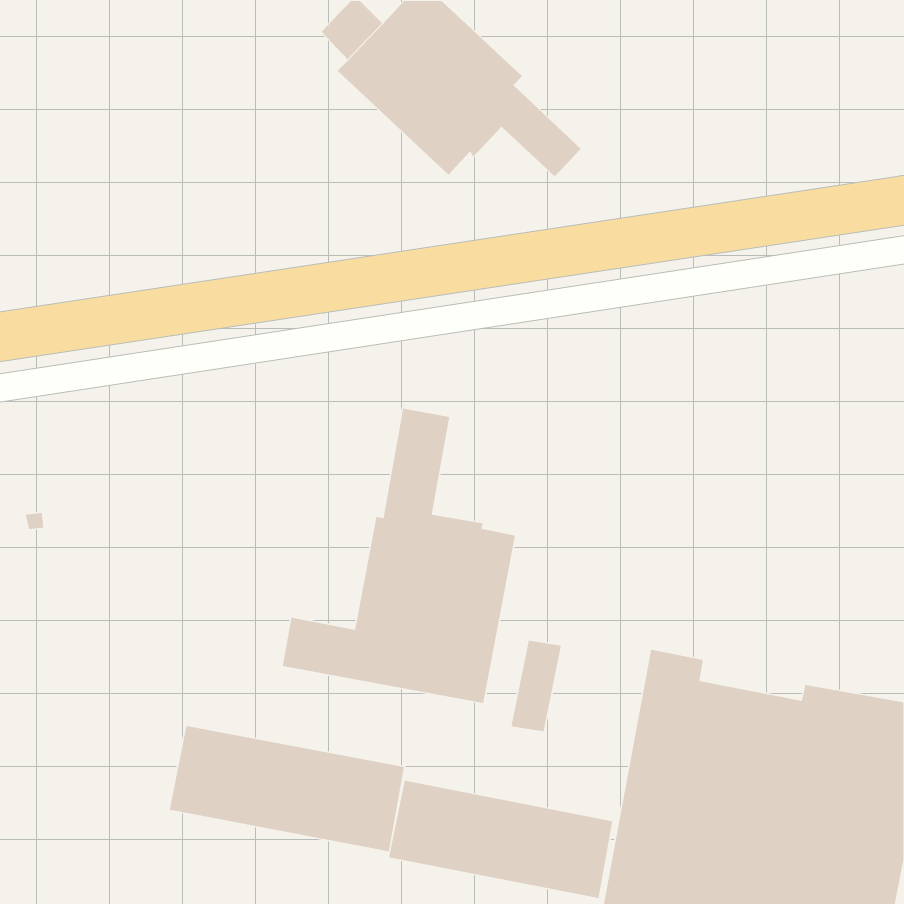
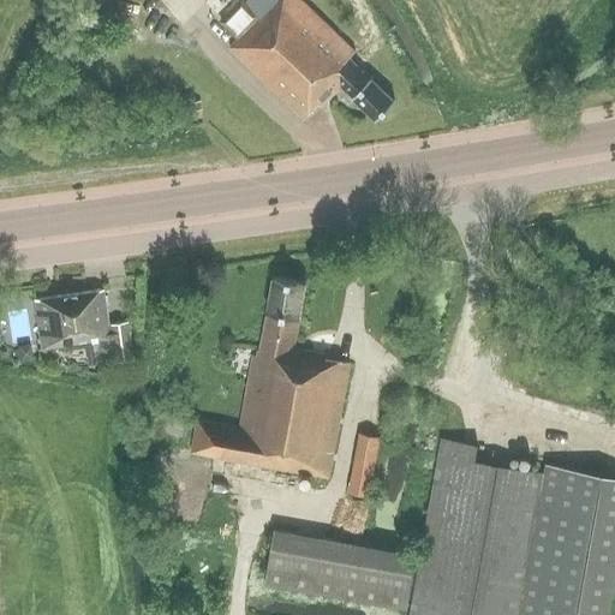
building: none -> [32,291,131,365]
building: [169,725,405,852] -> none

